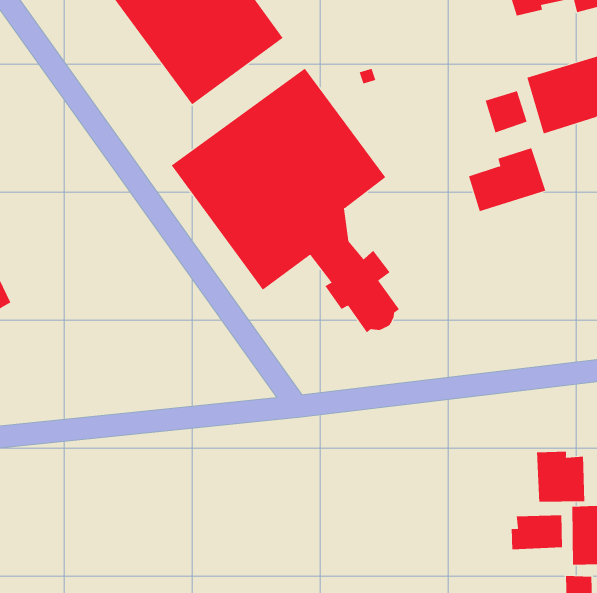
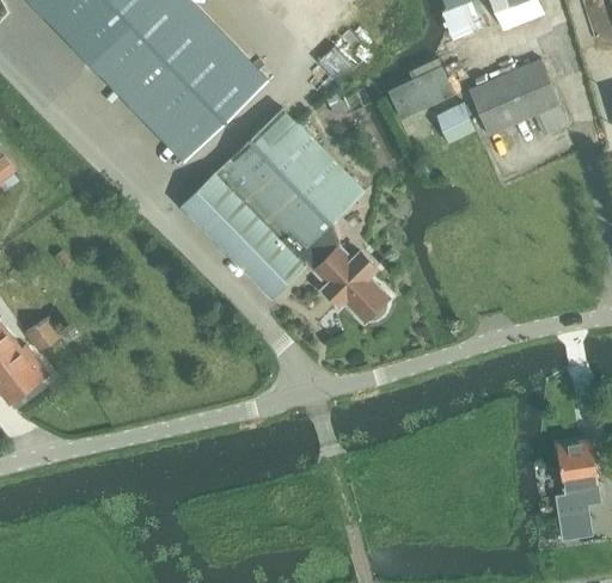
building: [468,148,546,212] -> [387,57,454,117]
building: [536,451,585,503] -> none
building: [511,514,562,550] -> none

